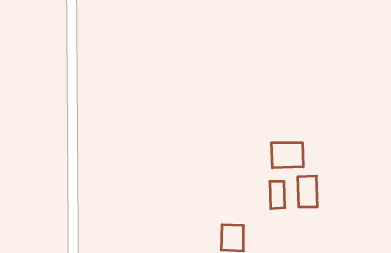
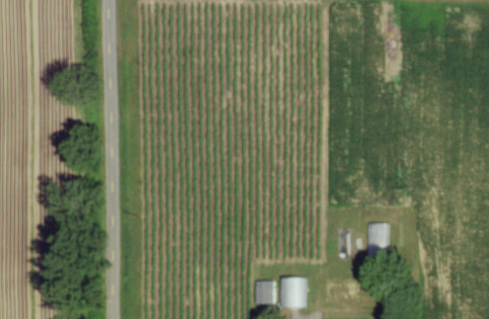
building: [272,143,303,168] -> none
building: none -> [255,282,273,304]

